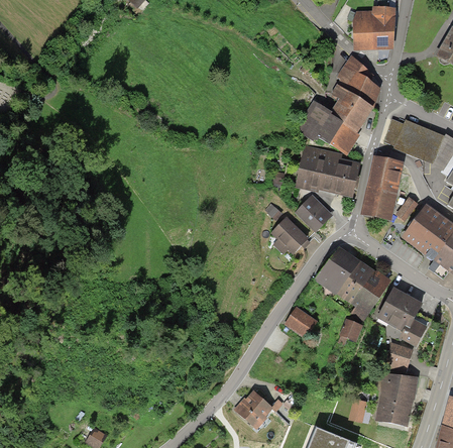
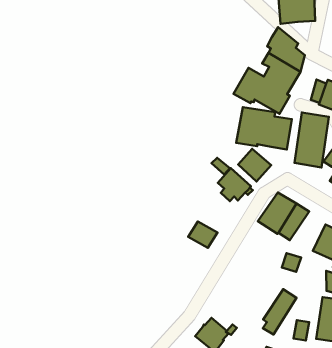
building: [349,268,390,321] -> [263,289,297,335]
building: [284,306,318,337] -> [188,222,217,248]

